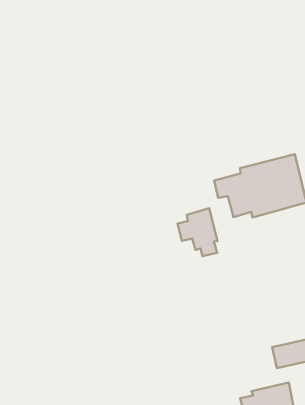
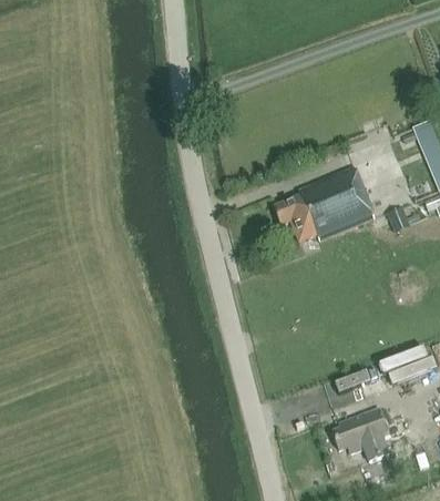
building: [177,208,218,256] -> none

